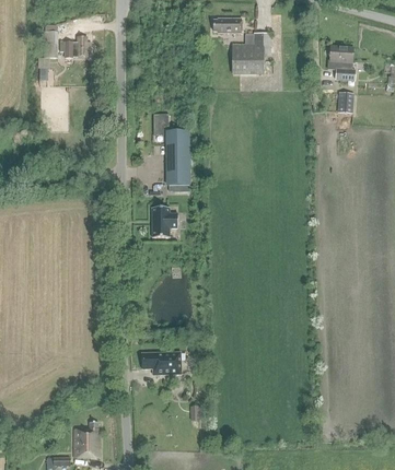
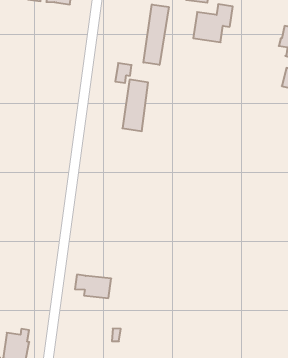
building: none -> [143,4,169,65]
building: [151,208,177,237] -> none

